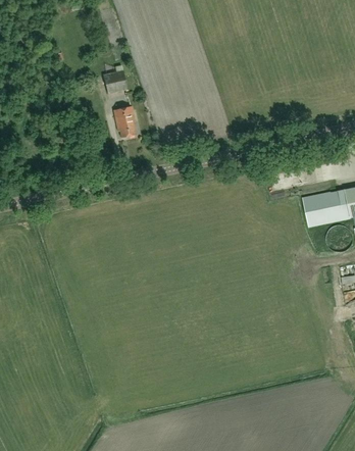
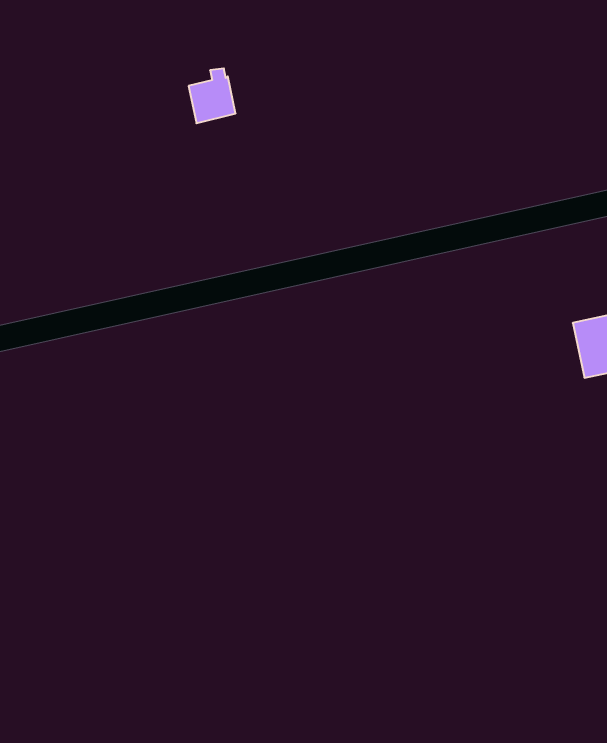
building: [112,105,135,137] -> none

